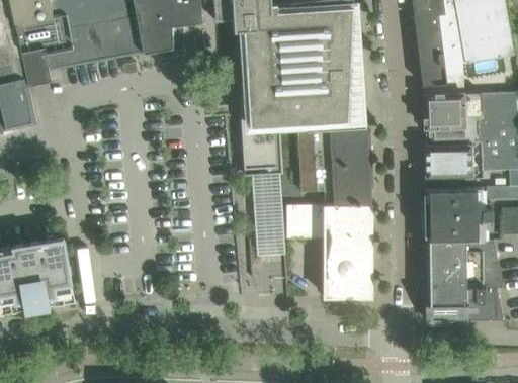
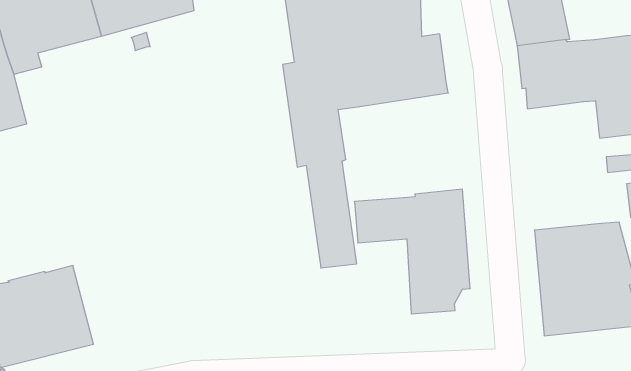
building: [297,126,373,203] -> none
building: [425,141,473,178] -> none
building: [425,187,494,238] -> none

